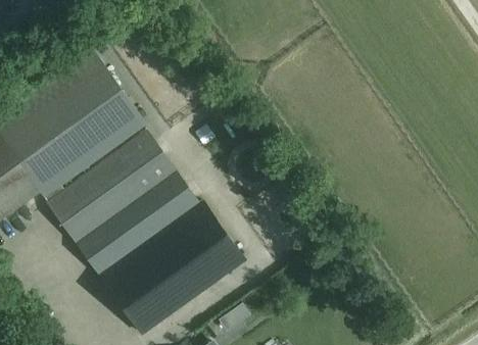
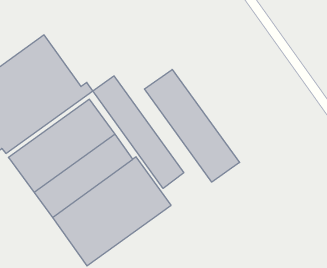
building: none -> [144,69,240,182]
building: none -> [93,76,184,188]

